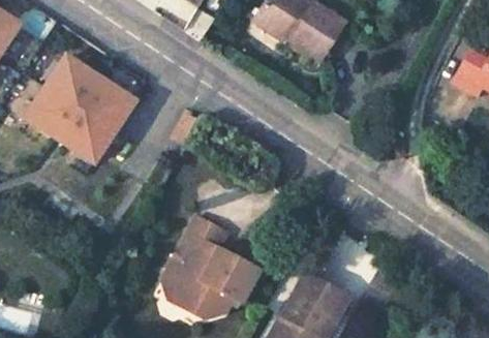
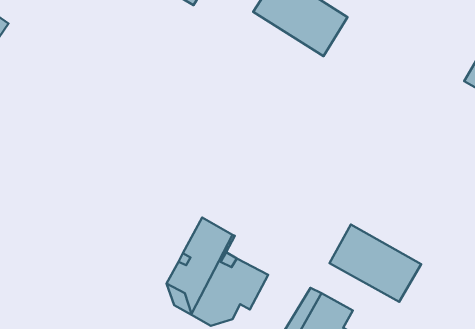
building: [24,59,132,165] -> none
building: none -> [329,225,421,302]

